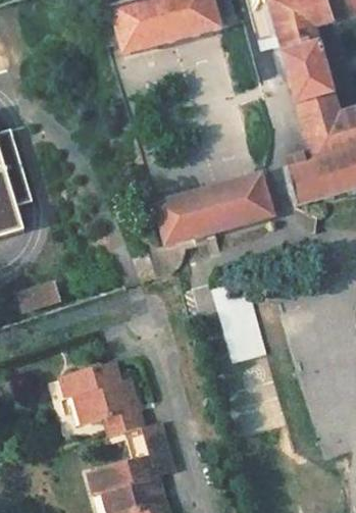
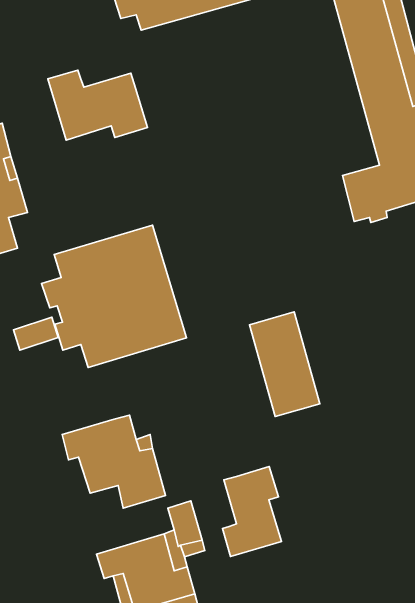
building: none -> [48,70,147,140]
building: [154,173,271,245] -> none
building: none -> [41,225,186,367]
building: none -> [223,466,282,556]

